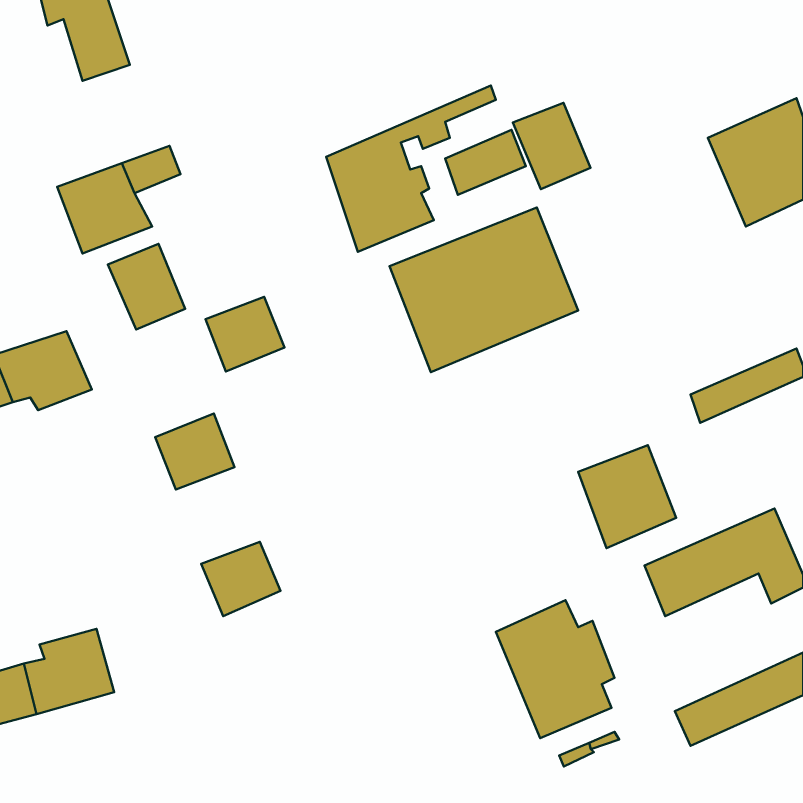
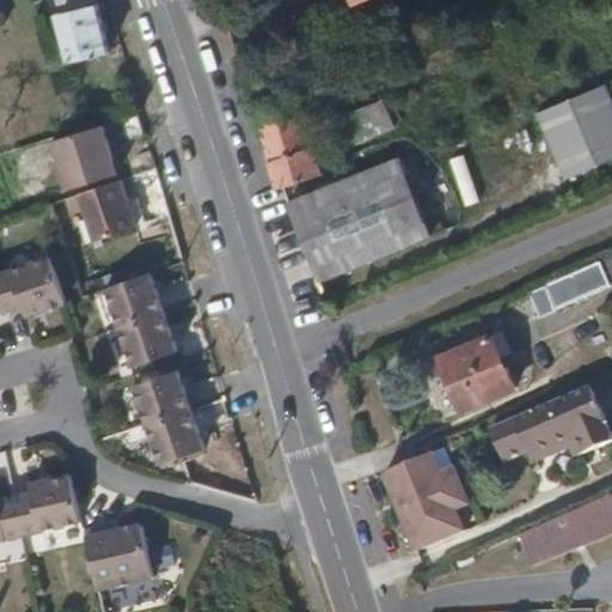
building: [513,103,590,189] -> none
building: [205,297,285,371] -> [102,274,161,330]
building: none -> [135,369,196,426]
building: none -> [86,530,157,596]

